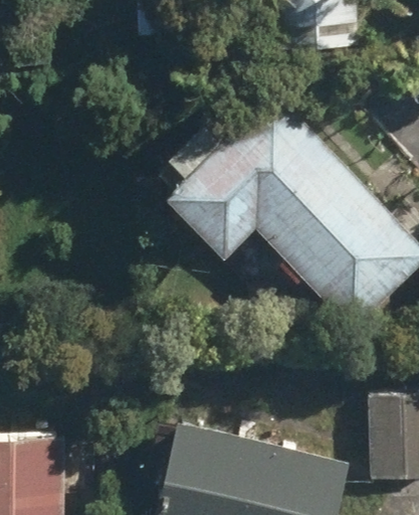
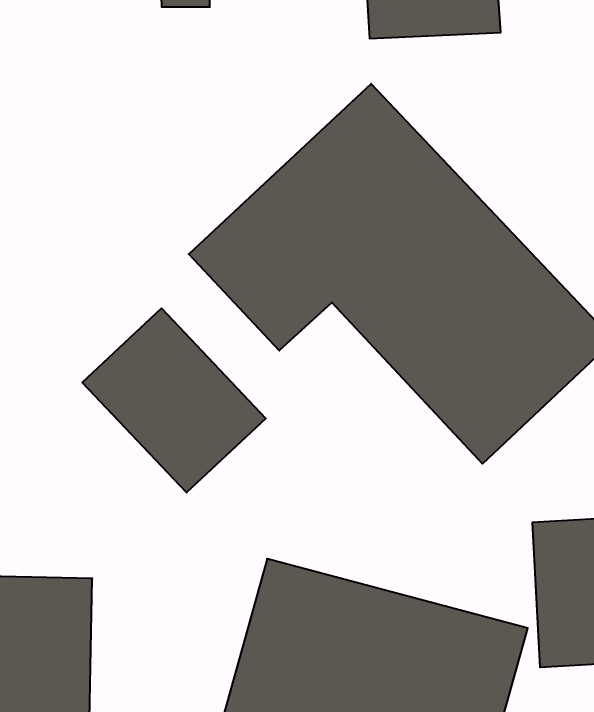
building: none -> [82,308,266,493]

